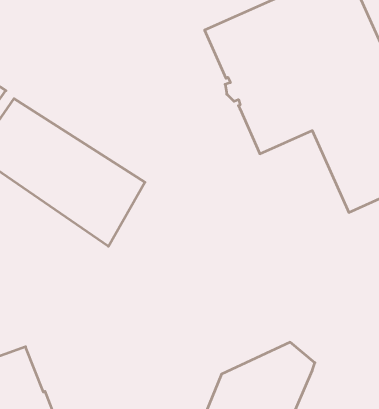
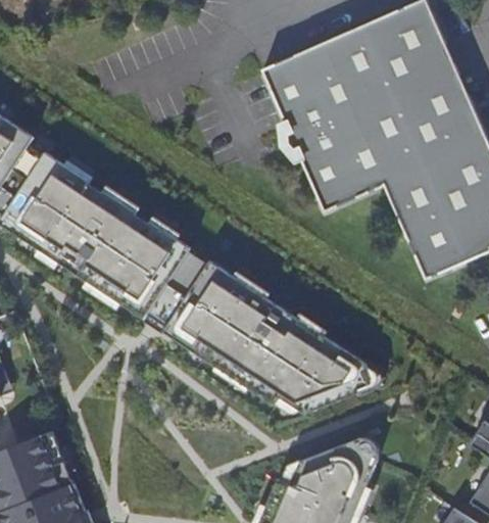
building: none -> [162,256,381,416]

